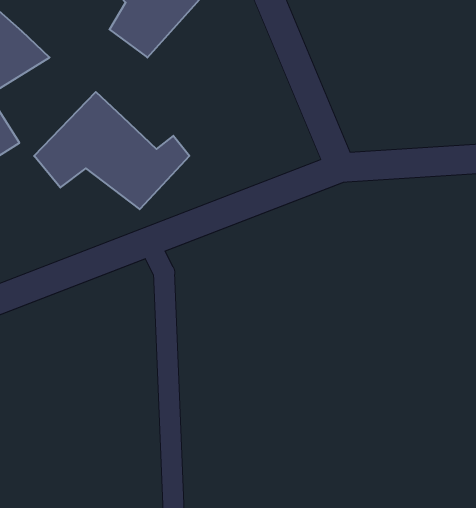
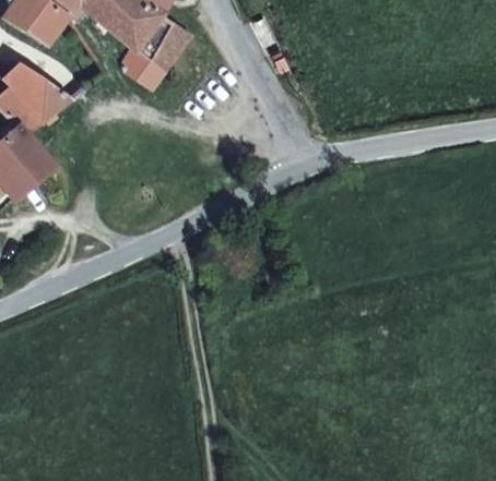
building: [34,92,189,209] -> none

